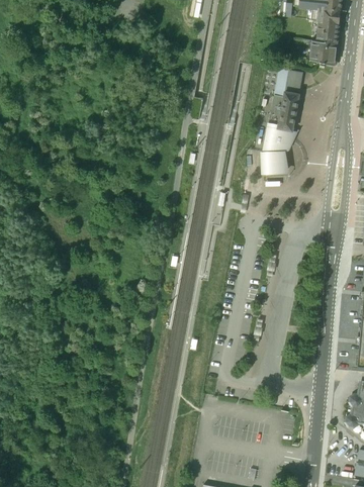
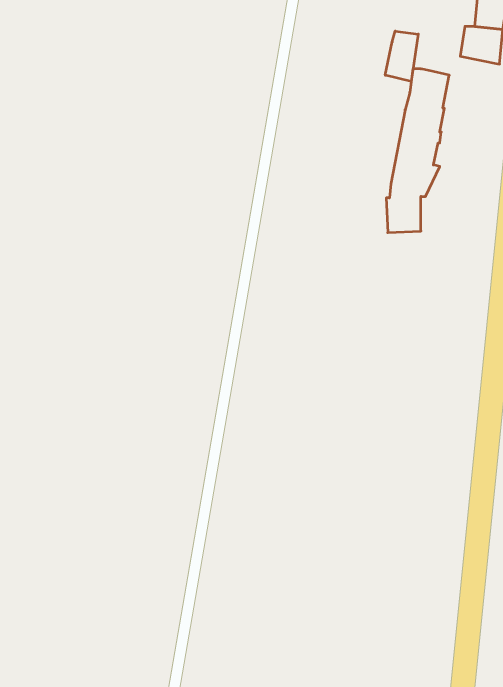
building: none -> [385,31,418,81]

